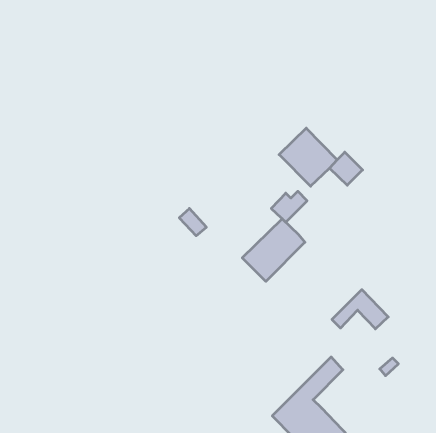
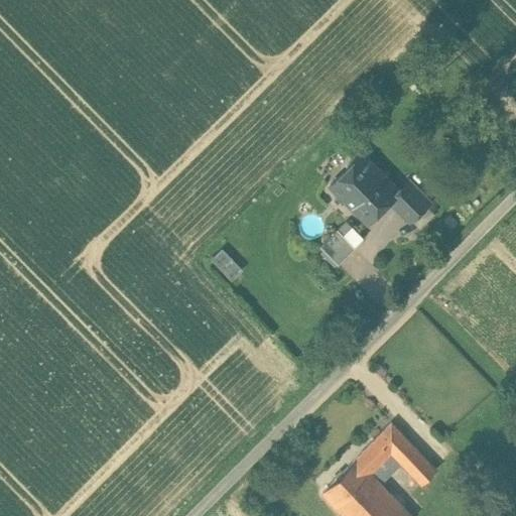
building: [242,219,305,281] -> none
building: [332,290,388,329] -> [370,440,436,487]

